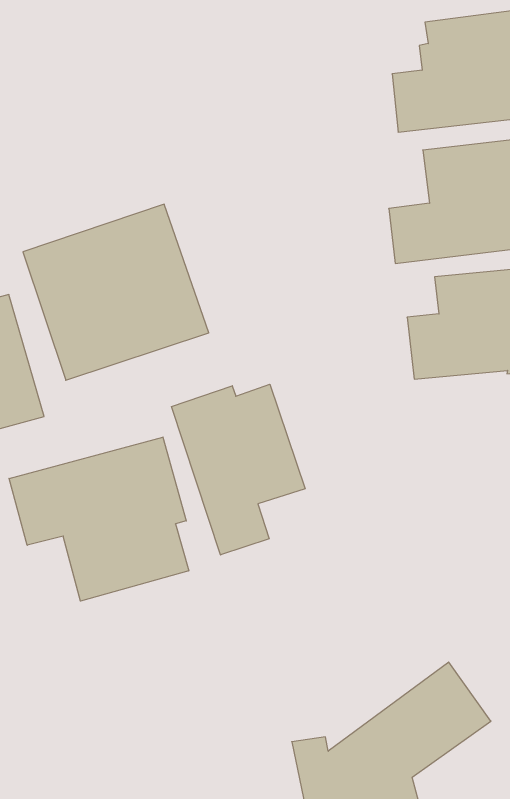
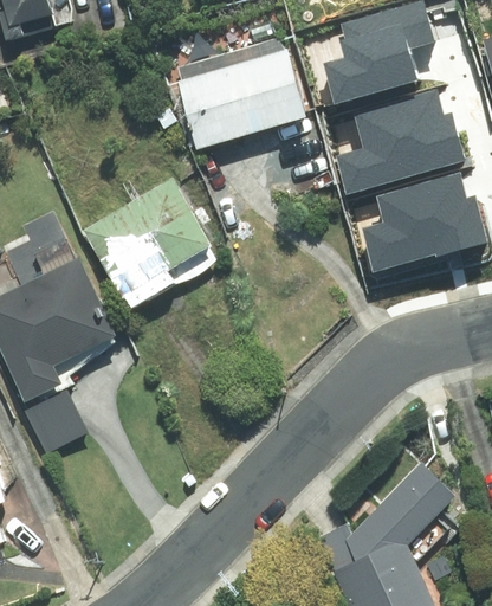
building: none -> [177,49,312,150]
building: [172,384,305,555] -> none
building: [9,437,189,601] -> none

